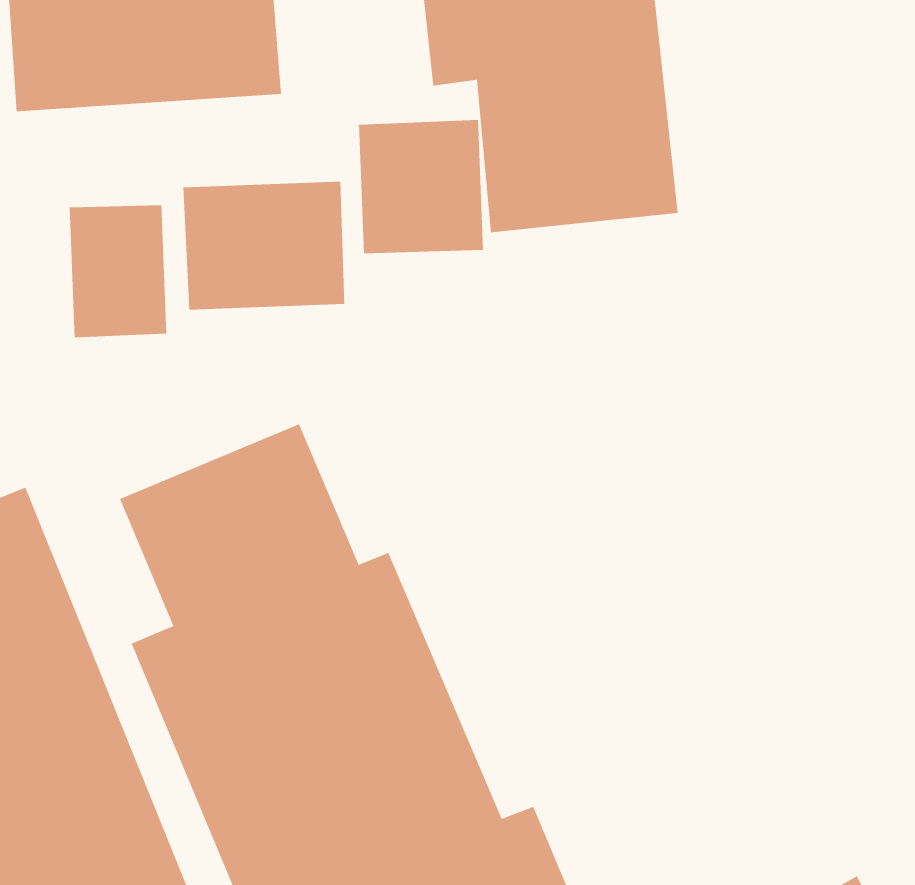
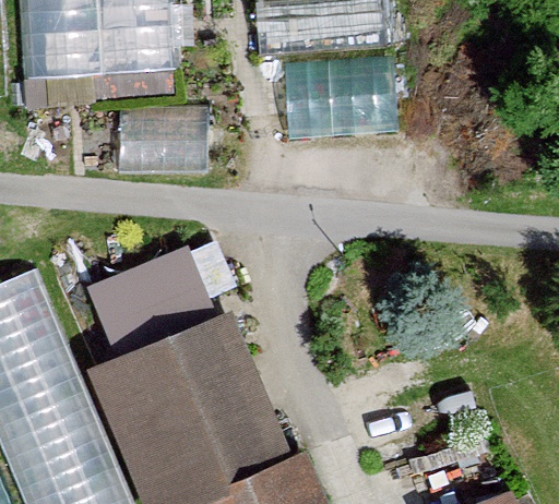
building: [359,119,484,254] -> none
building: [69,205,167,338] -> none

